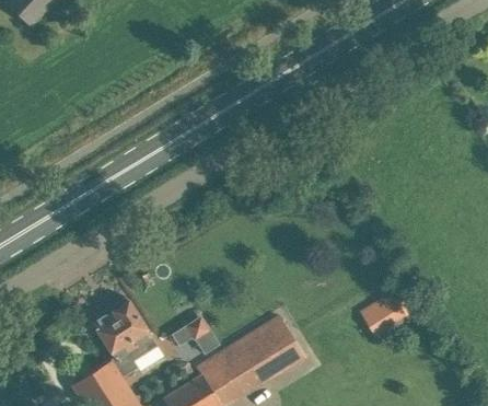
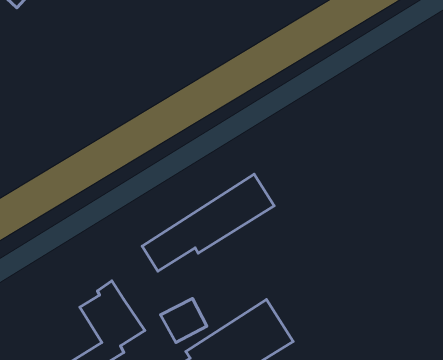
building: none -> [142,174,274,271]
building: [360,289,407,334] -> none

